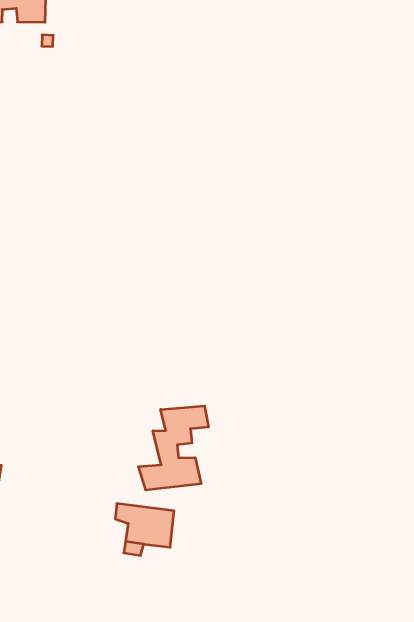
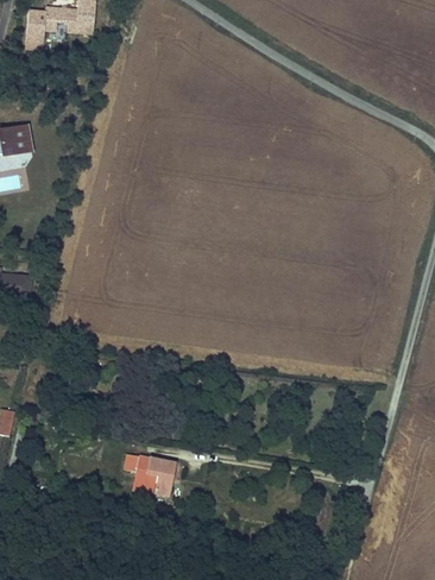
building: [138,406,208,490] -> none

